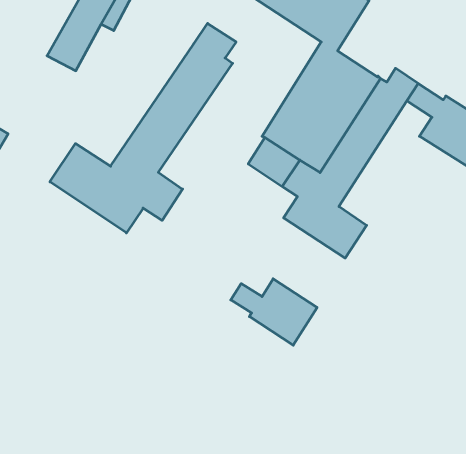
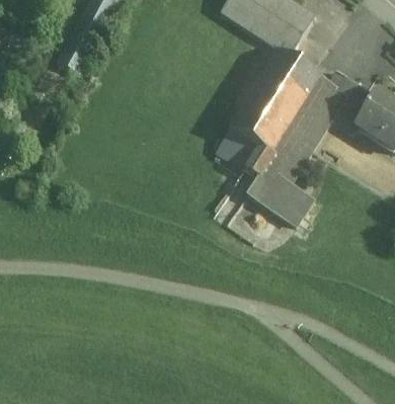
building: [50,23,236,233] -> none
building: [231,279,317,345] -> none

